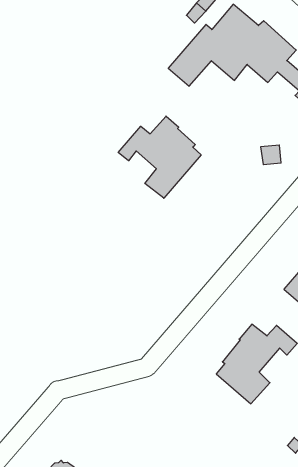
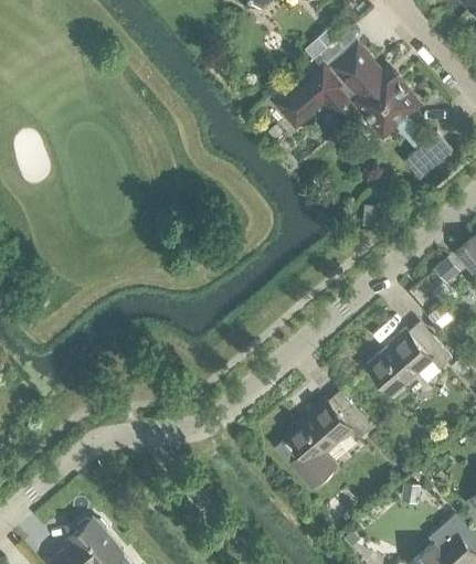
building: [118,116,201,198] -> none

